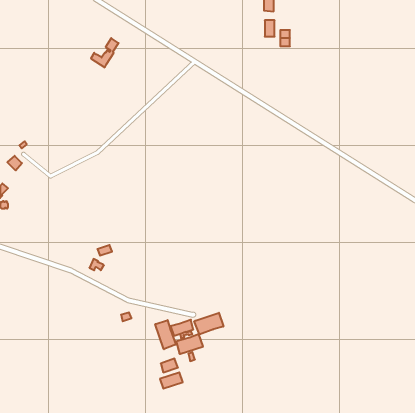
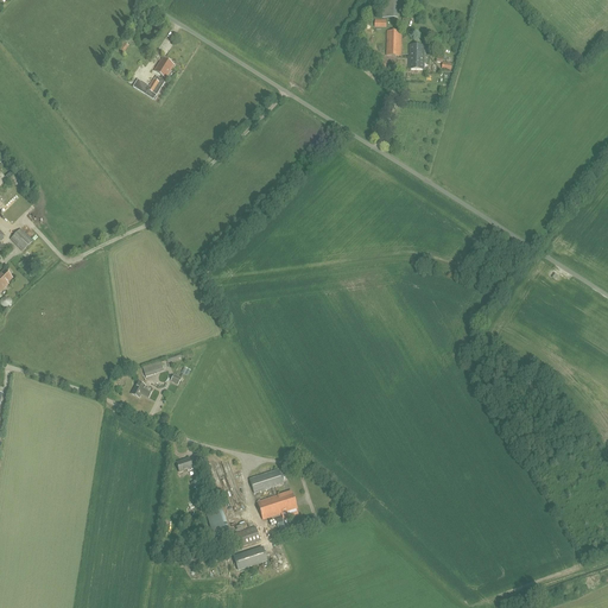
building: [194,313,223,334] -> none
building: [155,320,176,349] -> none

